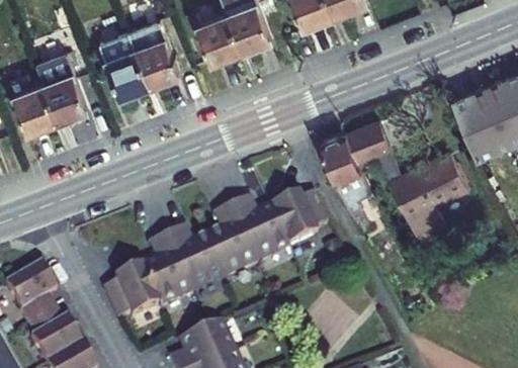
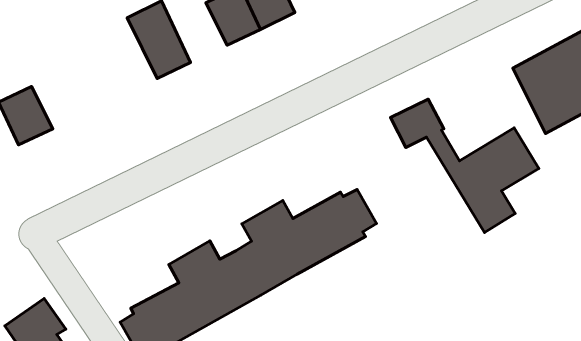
building: [100,30,152,96] -> none
building: [37,52,89,119] -> none
building: [321,133,372,210] -> none

